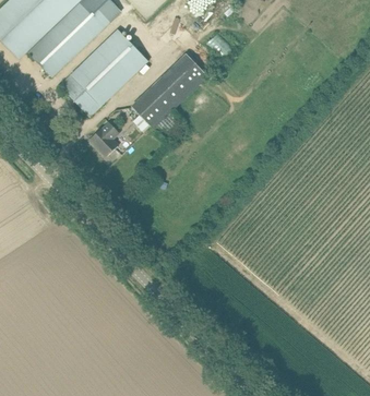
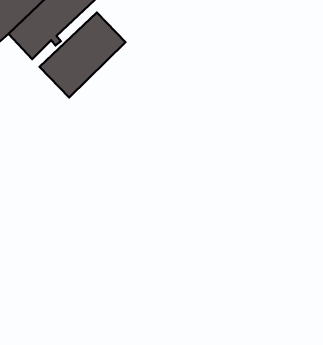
building: [130,52,207,130] -> none
building: [89,121,119,156] -> none

